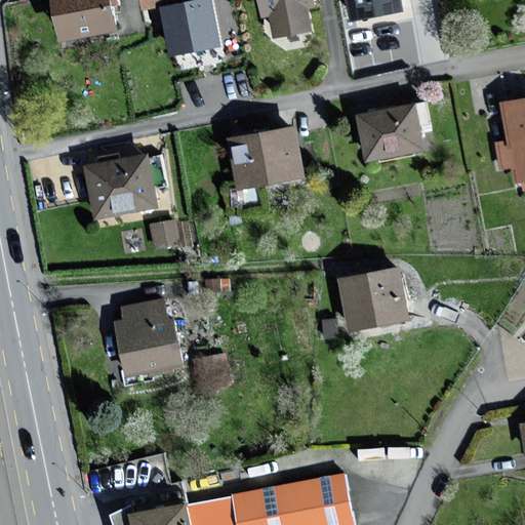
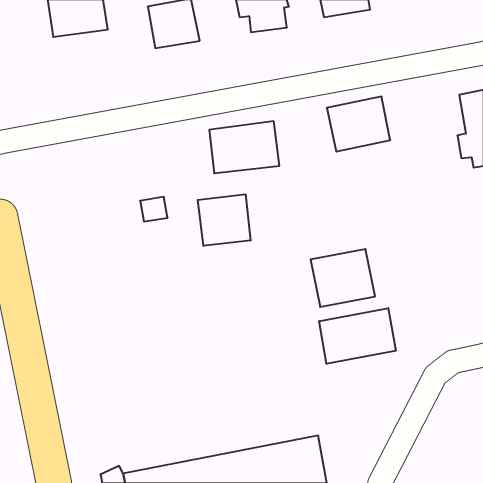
building: [83,154,156,218] -> none
building: none -> [198,194,251,246]
building: [115,299,181,376] -> none
building: none -> [319,308,396,364]

